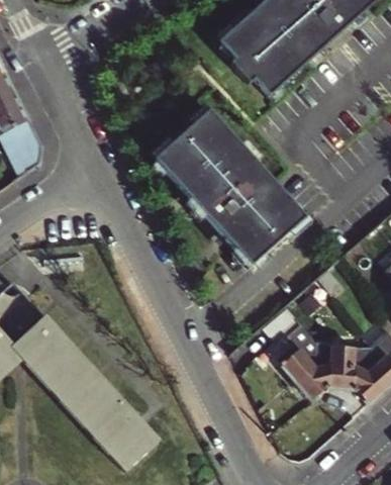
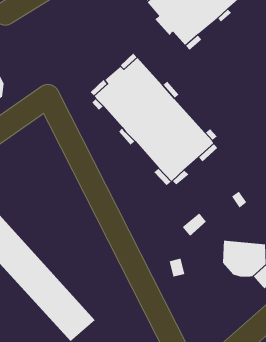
building: [281,320,328,398] -> none

